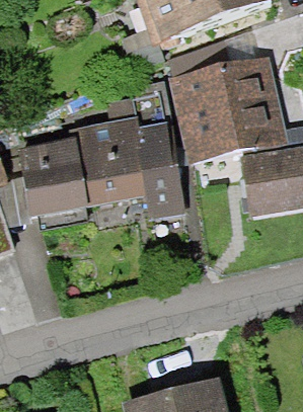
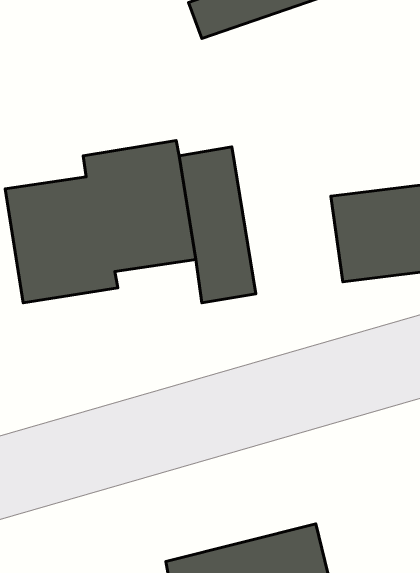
building: [166,58,279,158] -> none

